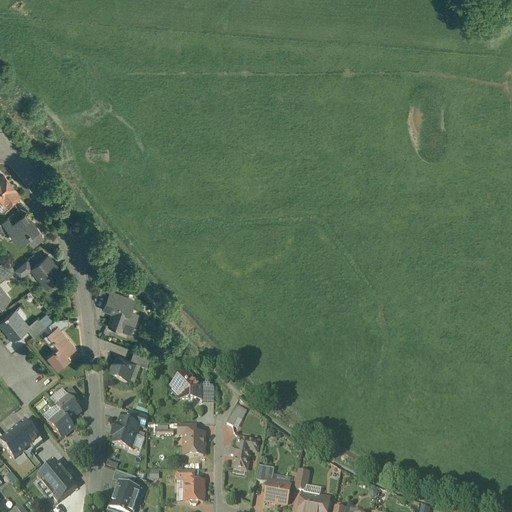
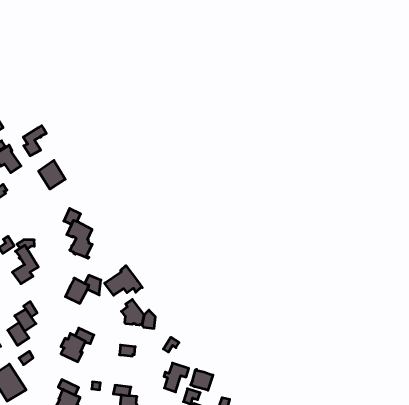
building: none -> [23,126,46,156]
building: [32,253,63,286] -> [39,160,65,189]
building: none -> [105,266,142,295]
building: [184,434,203,456] -> none
building: none -> [191,369,213,390]

